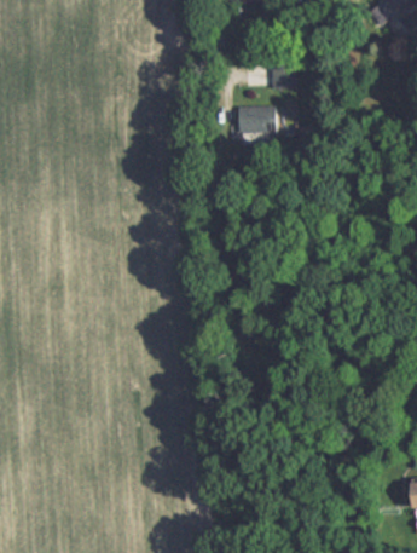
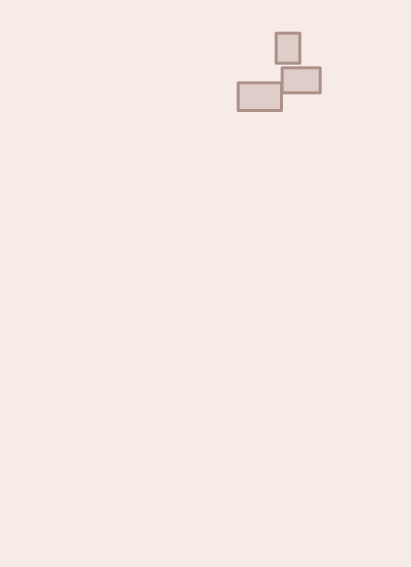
building: none -> [282,68,320,93]

